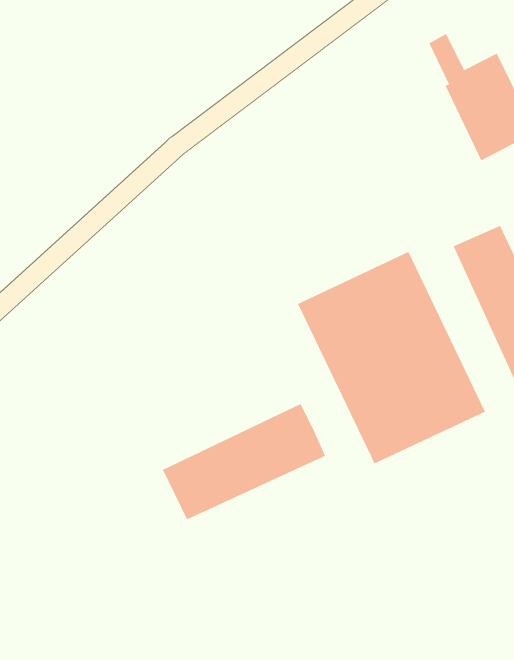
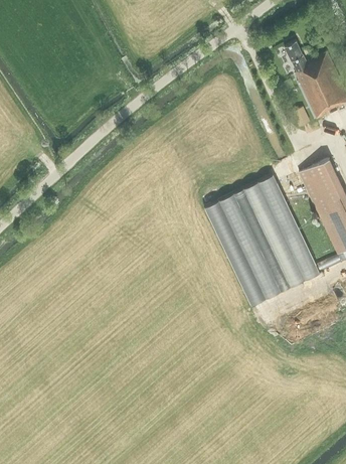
building: [162,403,326,520] -> none

